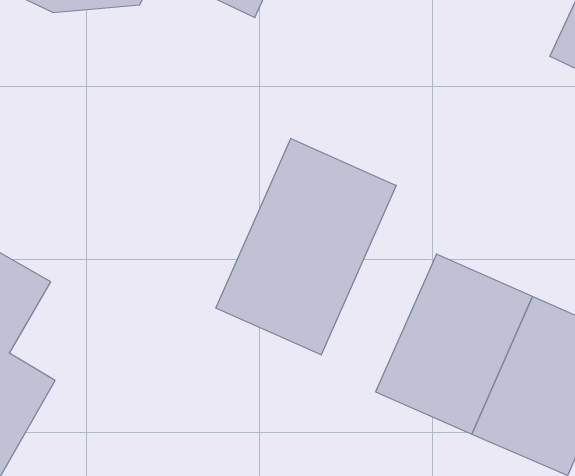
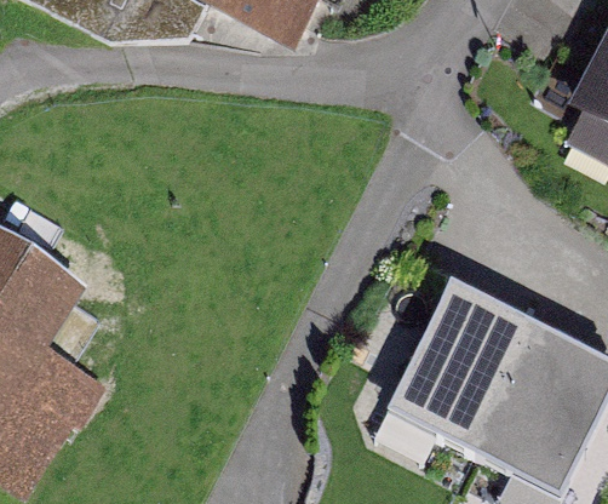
building: [216,138,396,355] -> none

